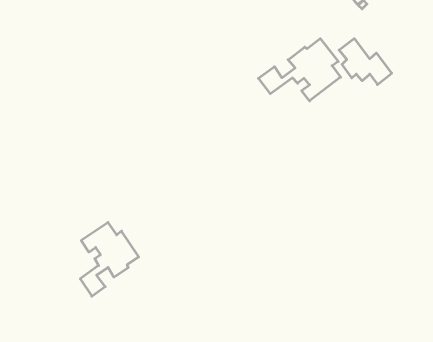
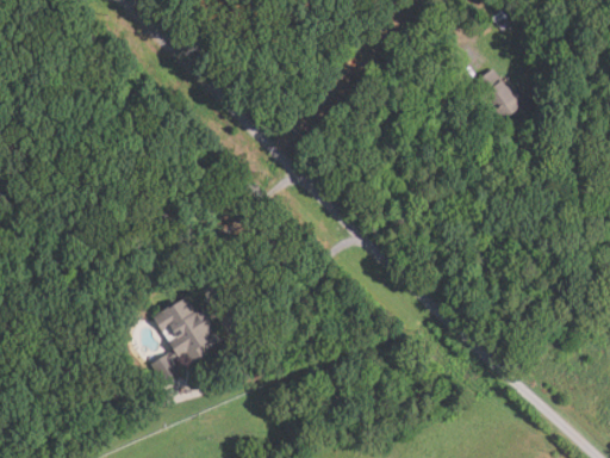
building: [258,39,341,101] -> none

